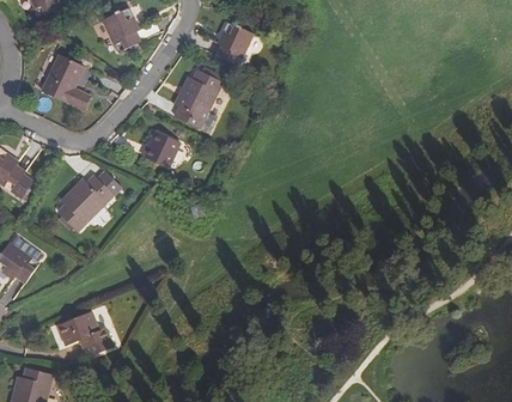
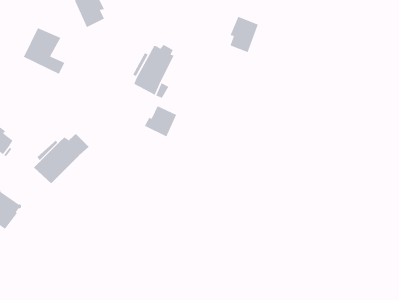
building: [215,24,249,67] -> [230,16,259,53]
building: [142,132,181,169] -> [144,105,177,138]
building: [57,312,114,354] -> none

